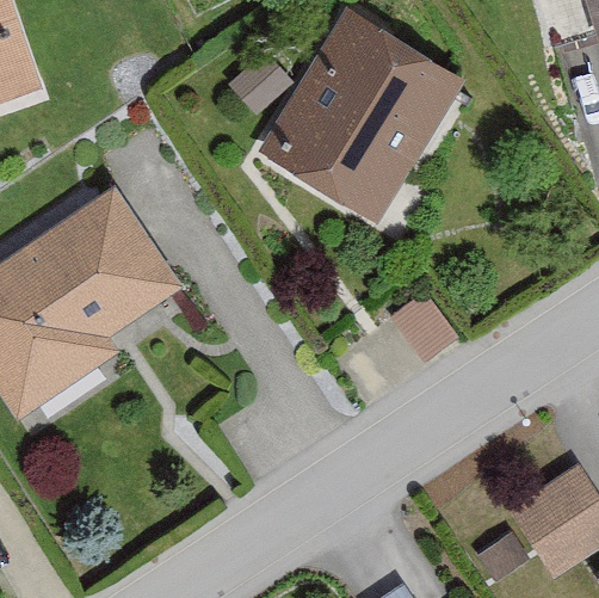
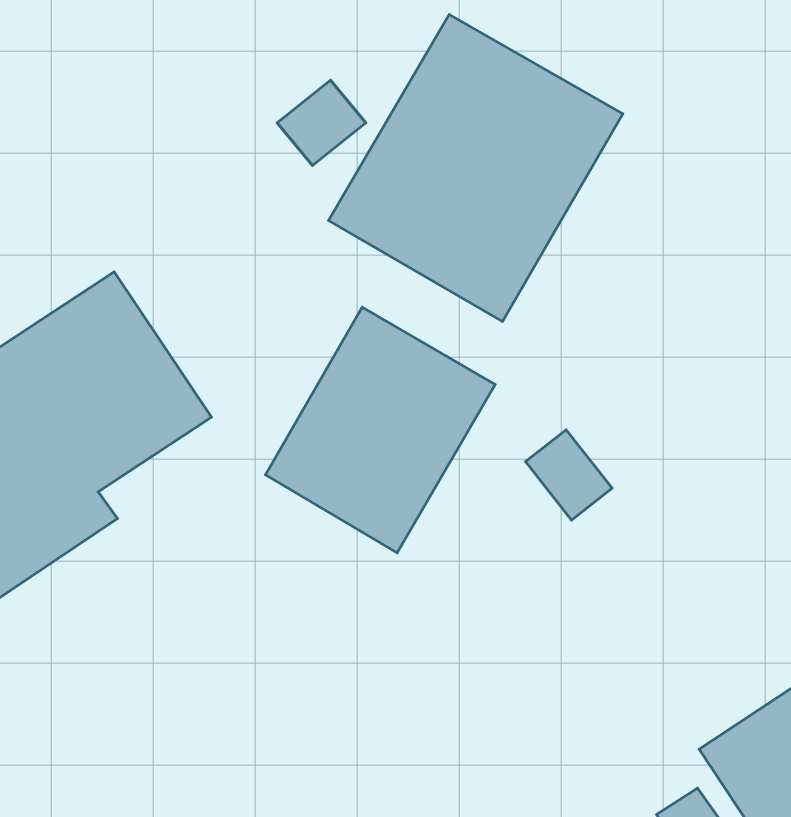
building: none -> [265,307,495,553]

